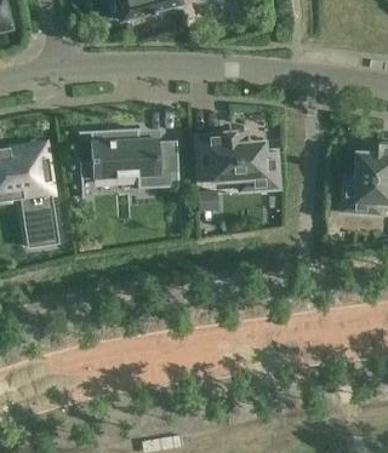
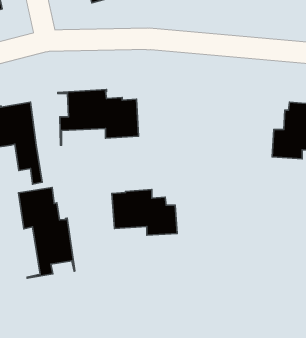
building: [195,133,276,190] -> [112,190,177,235]
building: none -> [19,188,75,278]

